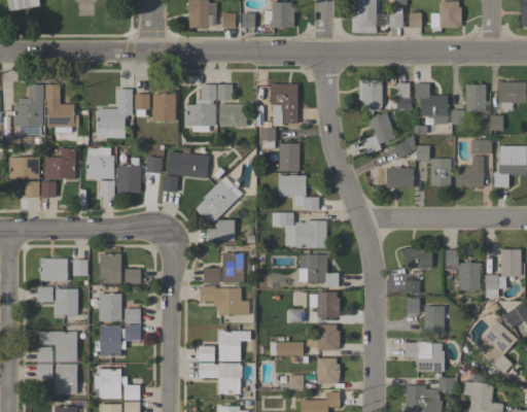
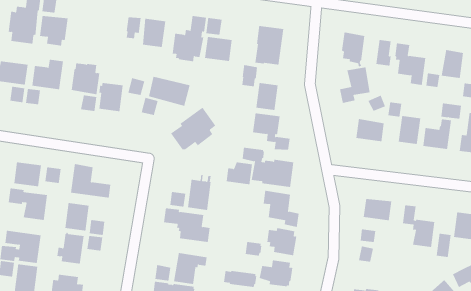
building: [98,89,132,137] -> none
building: [209,219,235,241] -> [226,162,253,185]
building: [424,305,449,333] -> none

